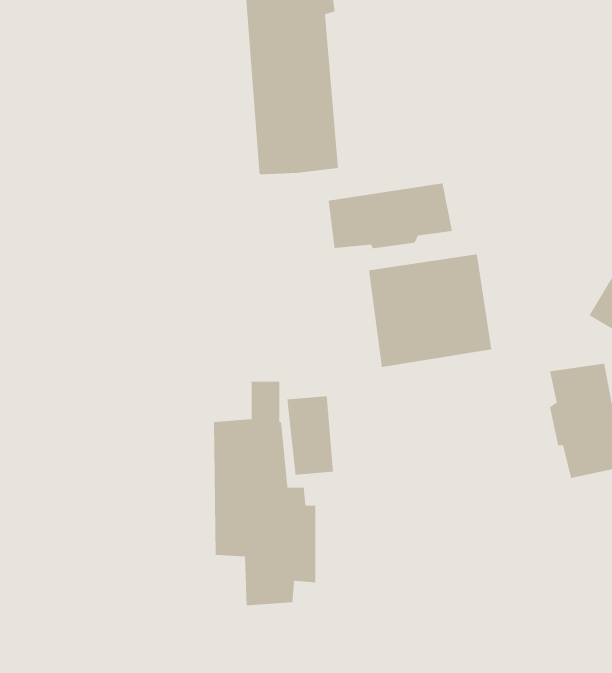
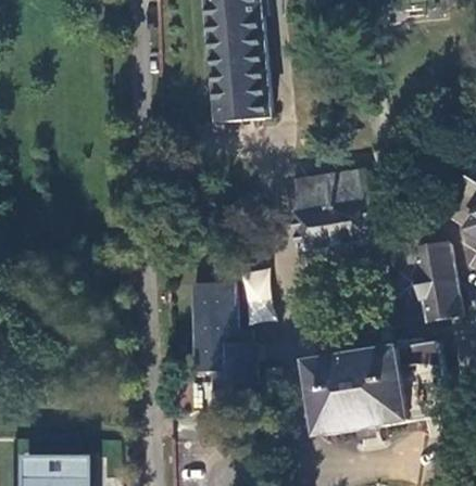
building: [328,182,453,249] -> none
building: none -> [310,341,444,434]

